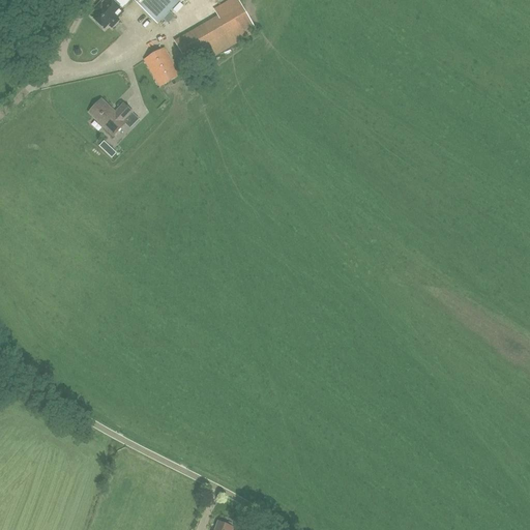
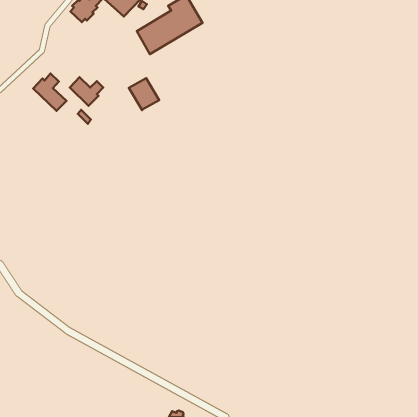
building: [142,46,180,86] -> [129,78,159,110]
building: none -> [33,74,67,111]

